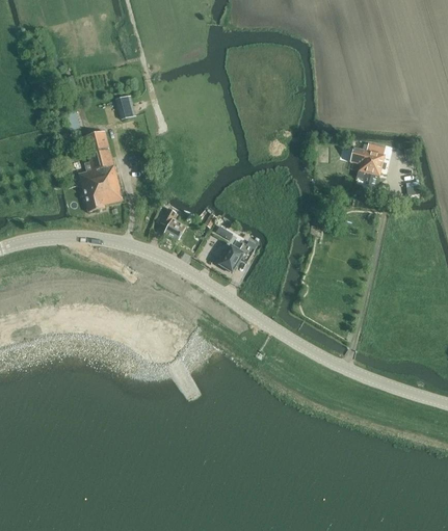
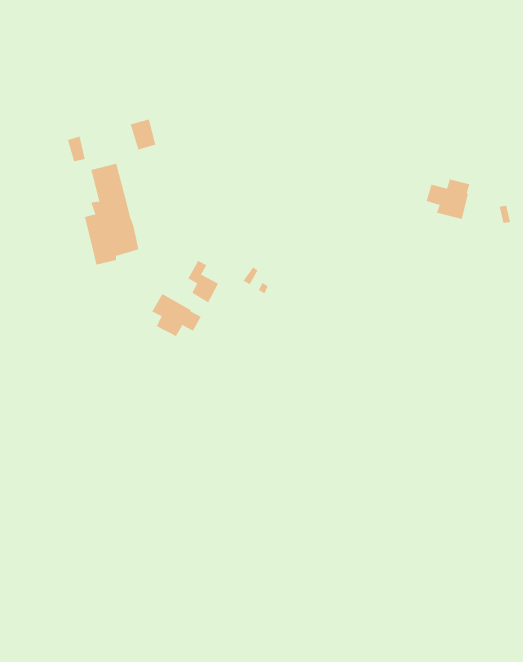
building: none -> [152,293,202,337]
building: [217,242,253,271] -> none

